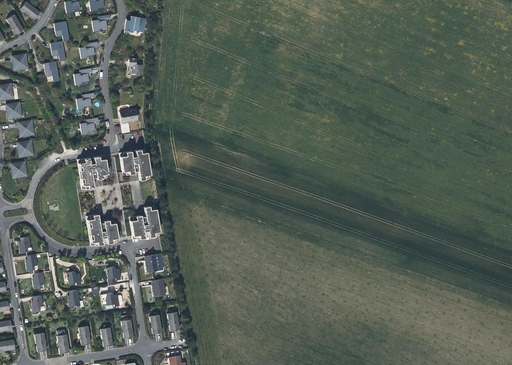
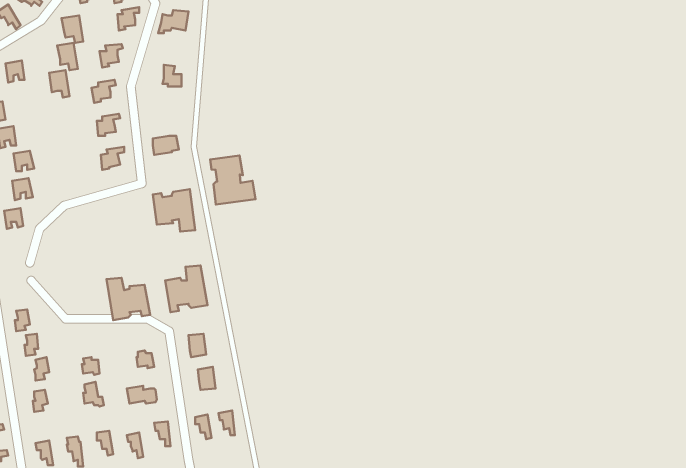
building: none -> [210,156,255,204]
building: [77,154,107,188] -> none

